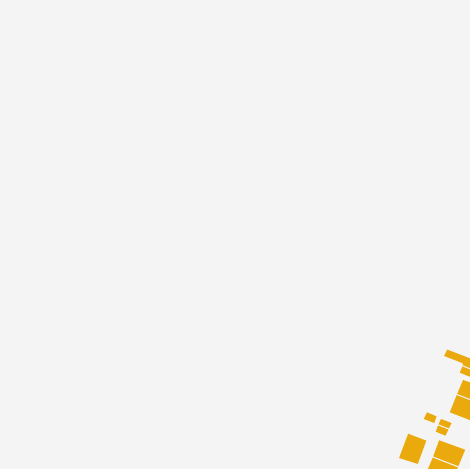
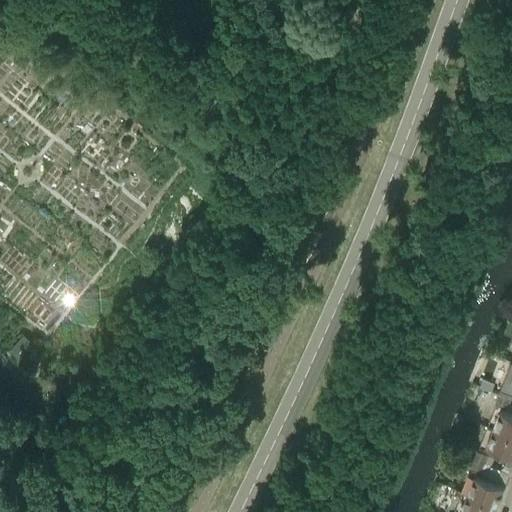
building: [398,433,427,465] -> none

